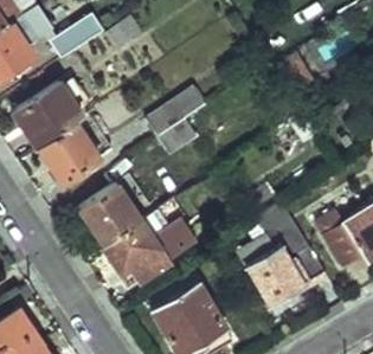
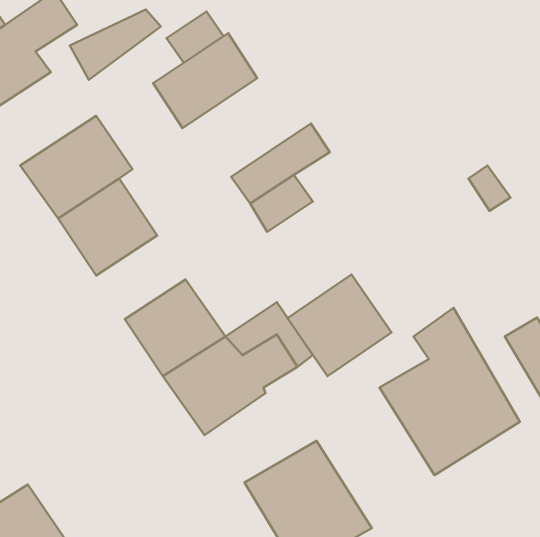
building: none -> [153,33,257,128]
building: none -> [288,275,392,376]

